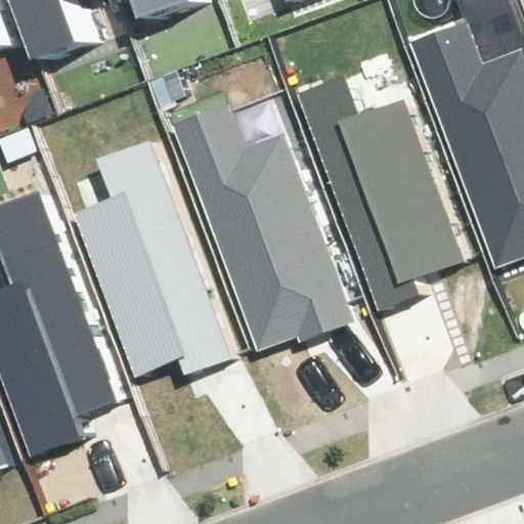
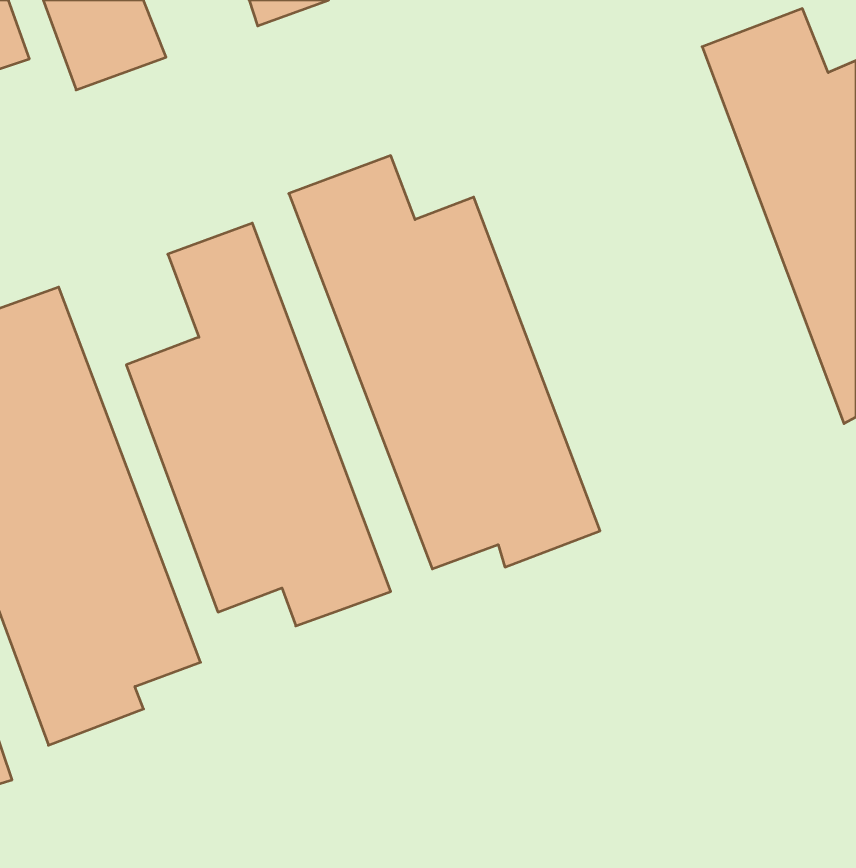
building: [296,84,458,289] -> none

